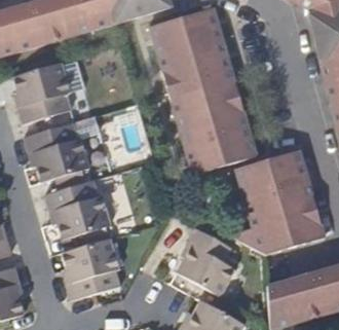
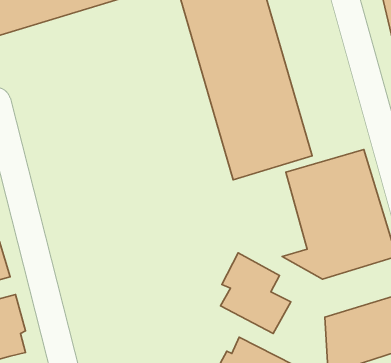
building: [14,62,73,121] -> none
building: [24,123,90,180] -> none
building: [45,182,111,239] -> none
building: [62,240,120,300] -> none

